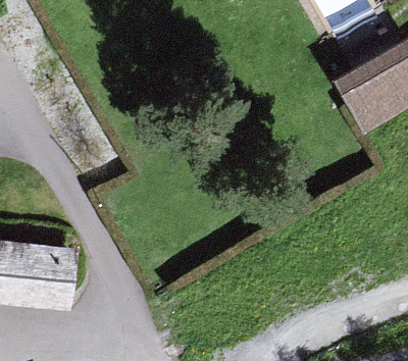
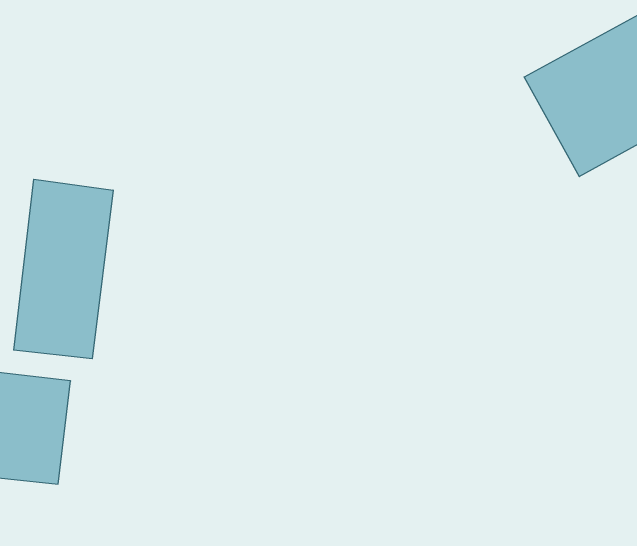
building: none -> [14,179,113,359]

